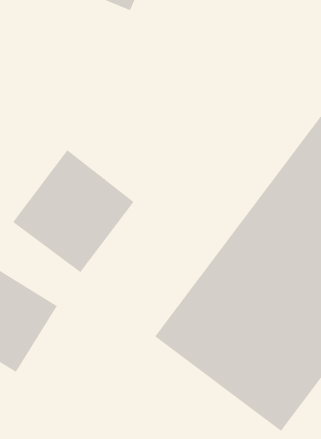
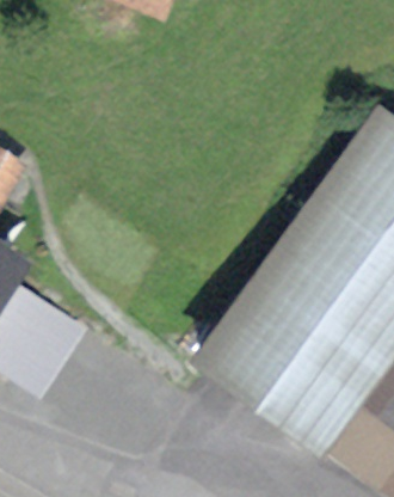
building: [12,149,135,273] -> none

